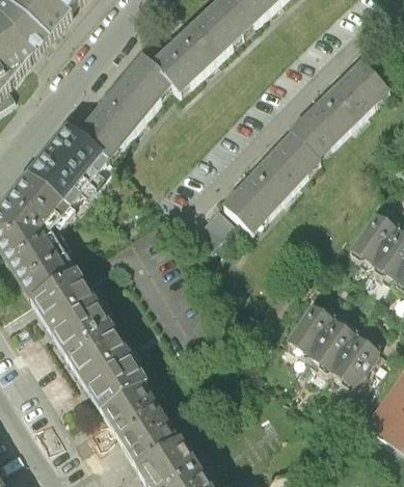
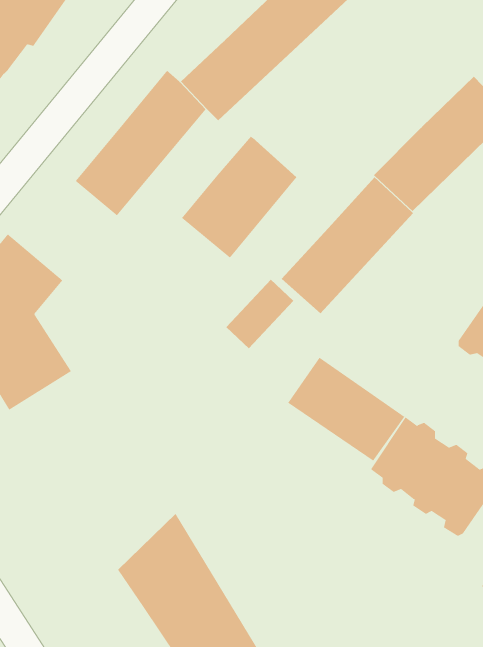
building: none -> [181,136,297,258]
building: [29,129,107,208] -> none
building: none -> [287,357,405,462]
building: [30,272,149,413] -> none

